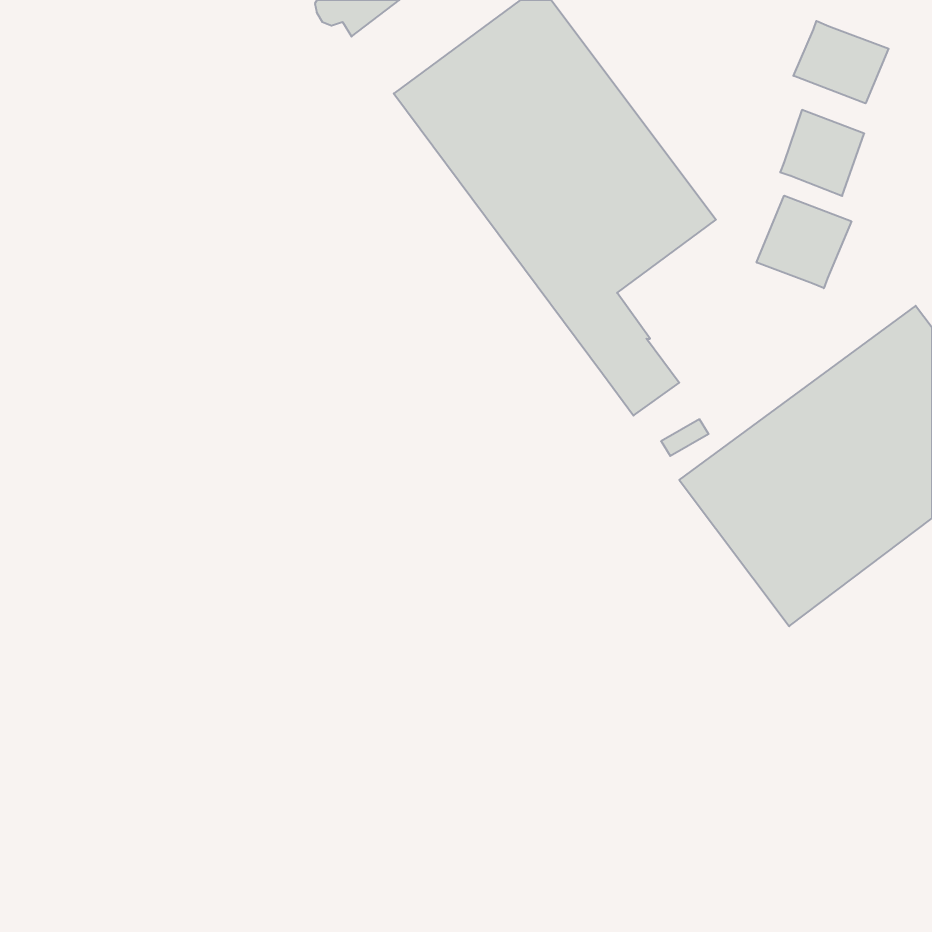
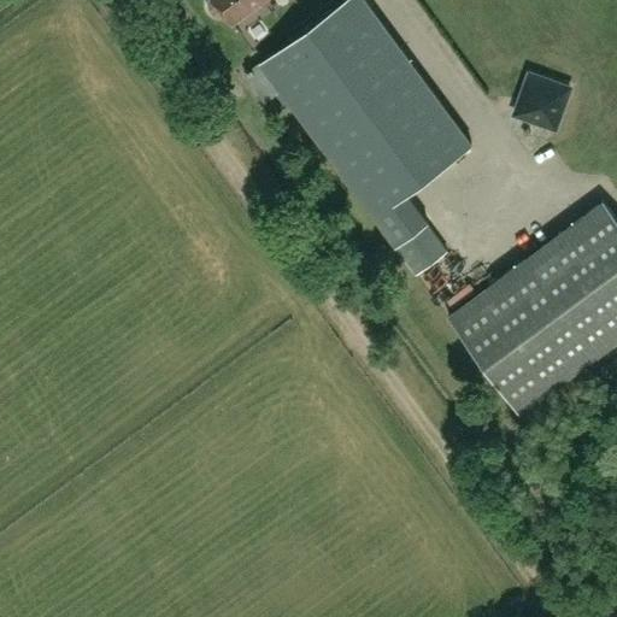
building: [793,21,889,103] -> none
building: [757,196,851,288] -> none

